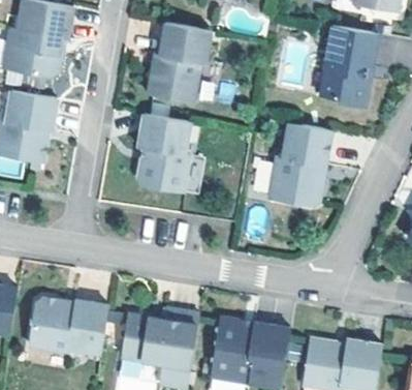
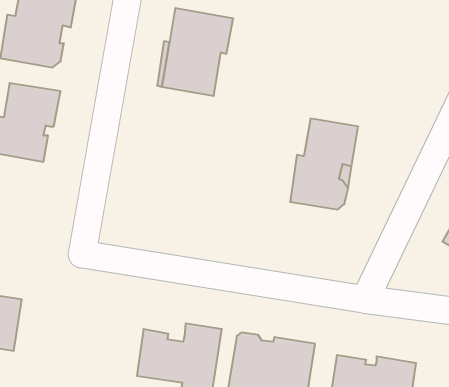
building: [318,25,376,102] -> none
building: [135,115,202,194] -> none
building: [35,298,114,352] -> none

